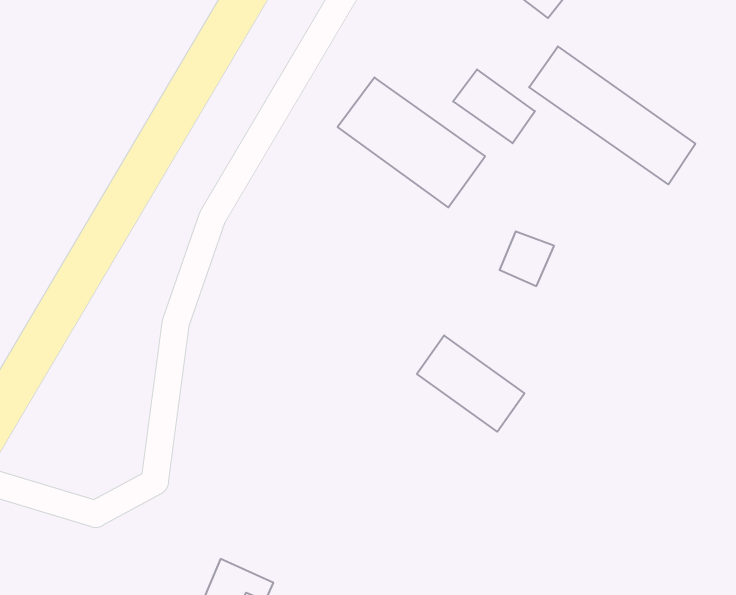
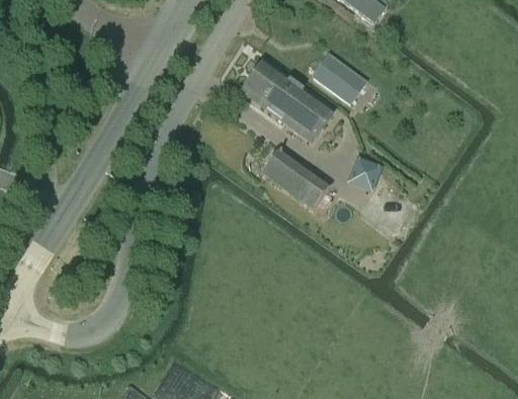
building: [529,46,695,184] -> none
building: [417,335,524,432] -> [263,149,331,210]

